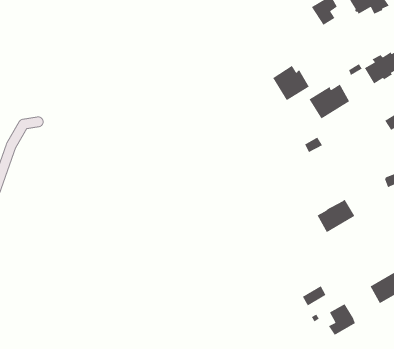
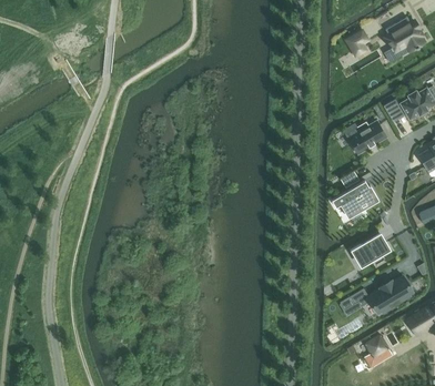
building: [272,65,310,101] -> none
building: none -> [332,180,378,217]
building: none -> [340,275,412,312]

